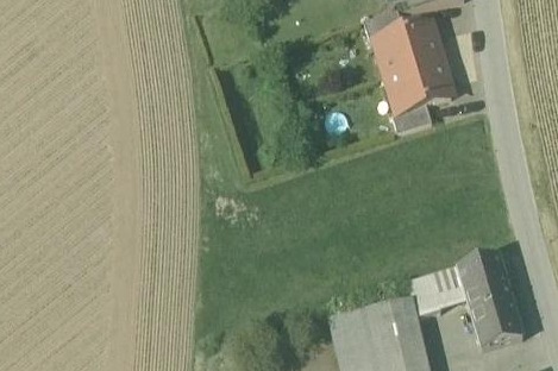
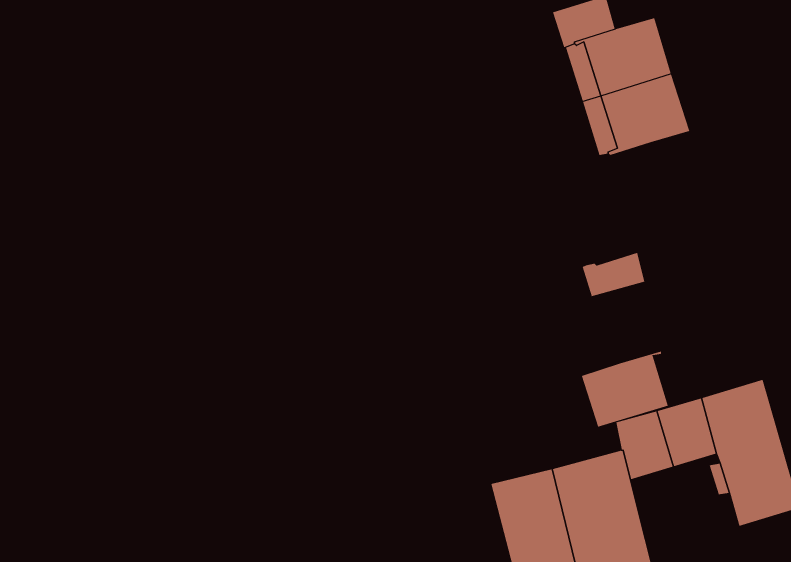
building: [391,99,432,127] -> [582,252,645,297]
building: none -> [581,351,669,428]

